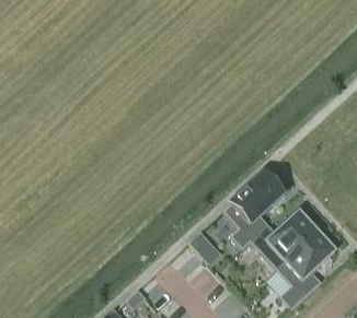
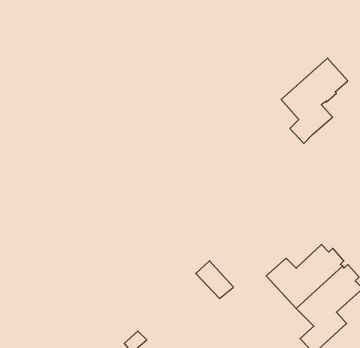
building: [222,174,280,248] -> [281,58,348,143]

